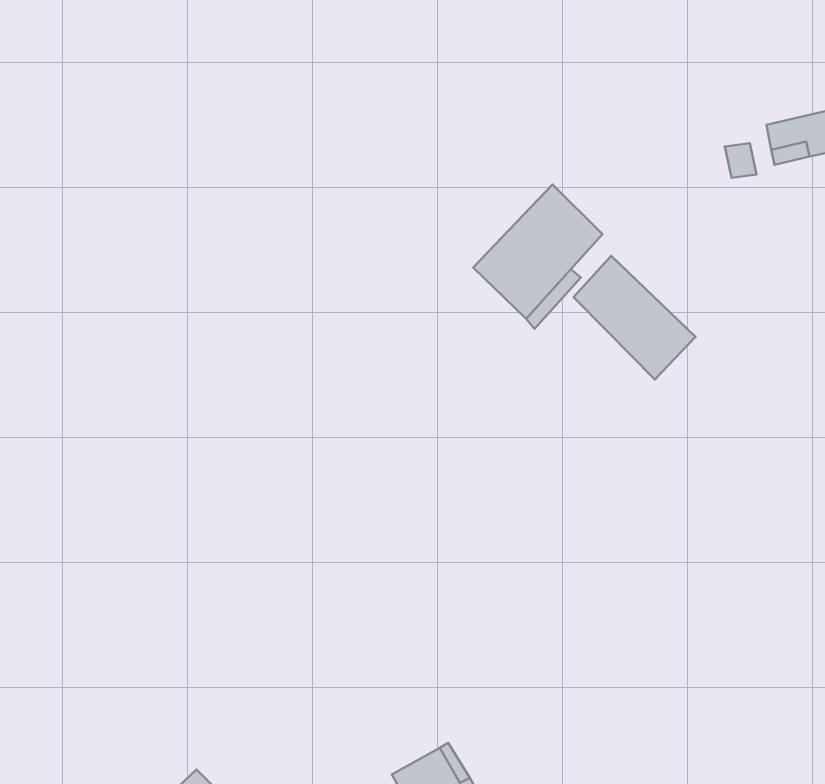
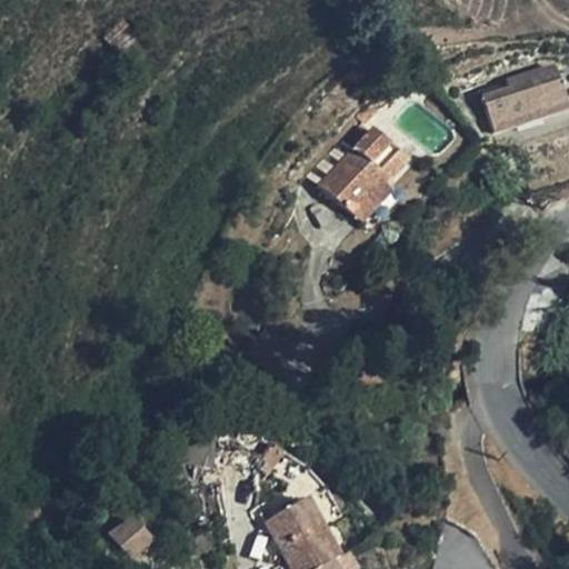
building: [573,256,696,379] -> none

